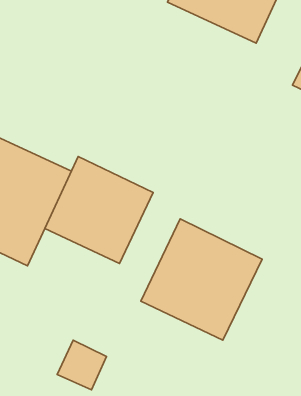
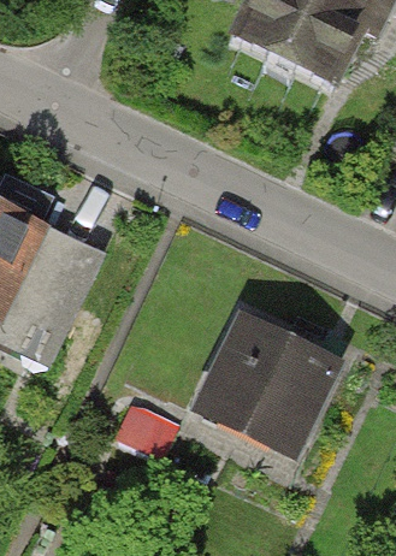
building: [45,157,153,264] -> none

